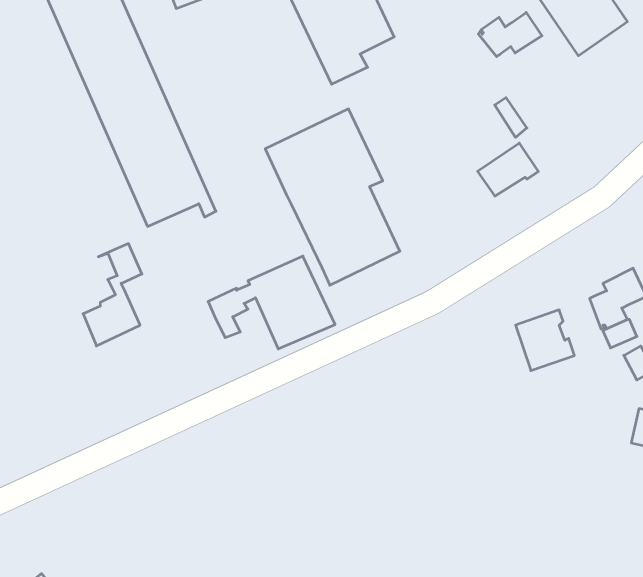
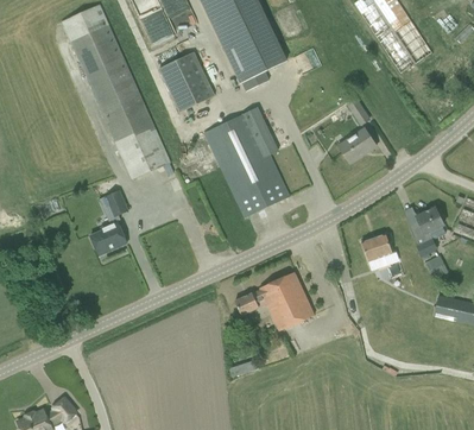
building: [478,12,542,57] -> none
building: none -> [158,51,214,112]
building: [208,256,335,349] -> [234,271,314,329]

